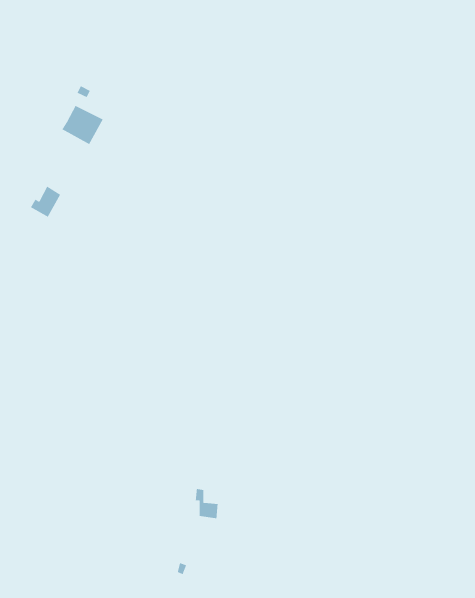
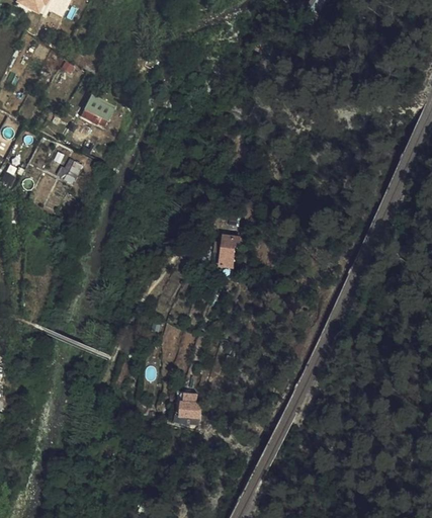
building: none -> [221,235,236,267]

